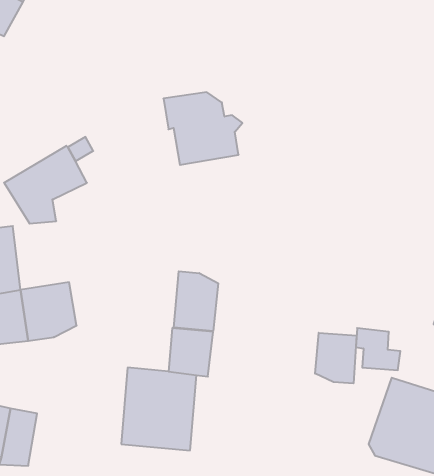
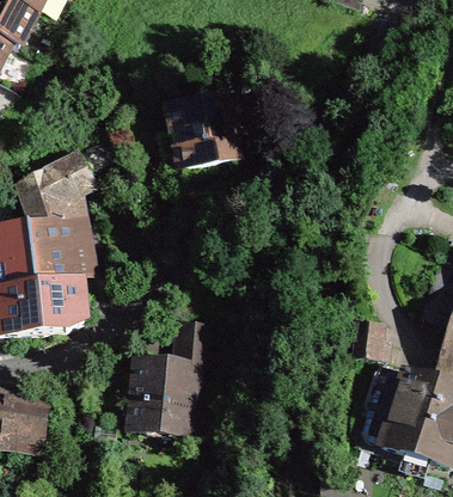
building: none -> [29,221,81,286]
building: [174,271,218,331] -> none
building: [315,333,357,383] -> none

